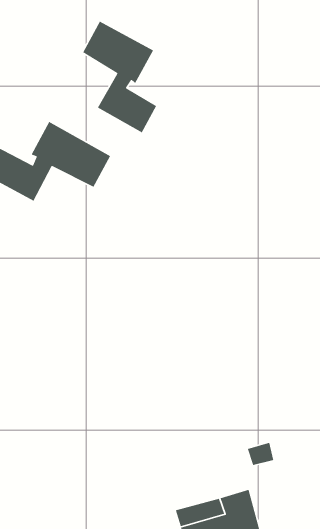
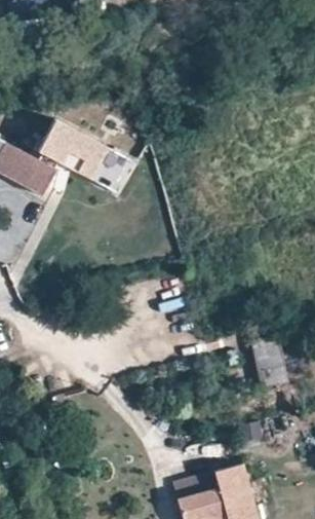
building: [82,21,157,133] -> none
building: none -> [252,336,286,392]

